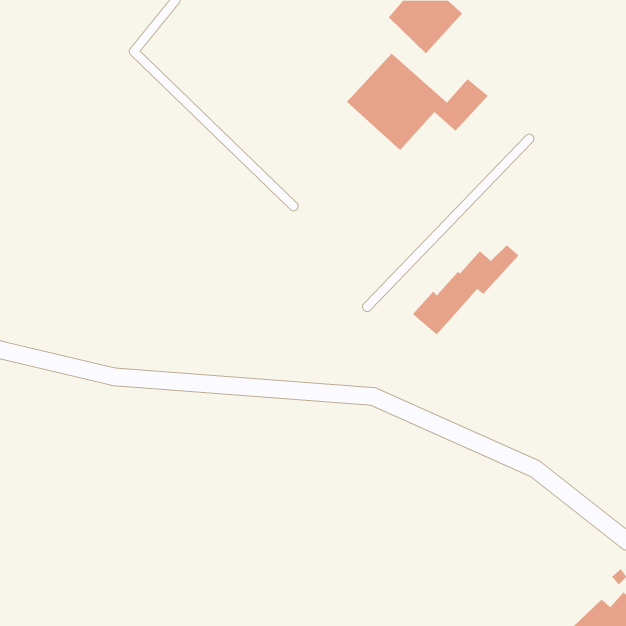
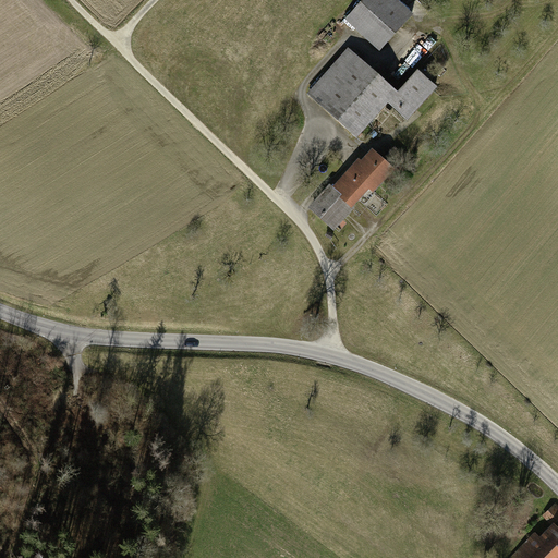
building: [412,244,519,335] -> [312,144,407,225]

